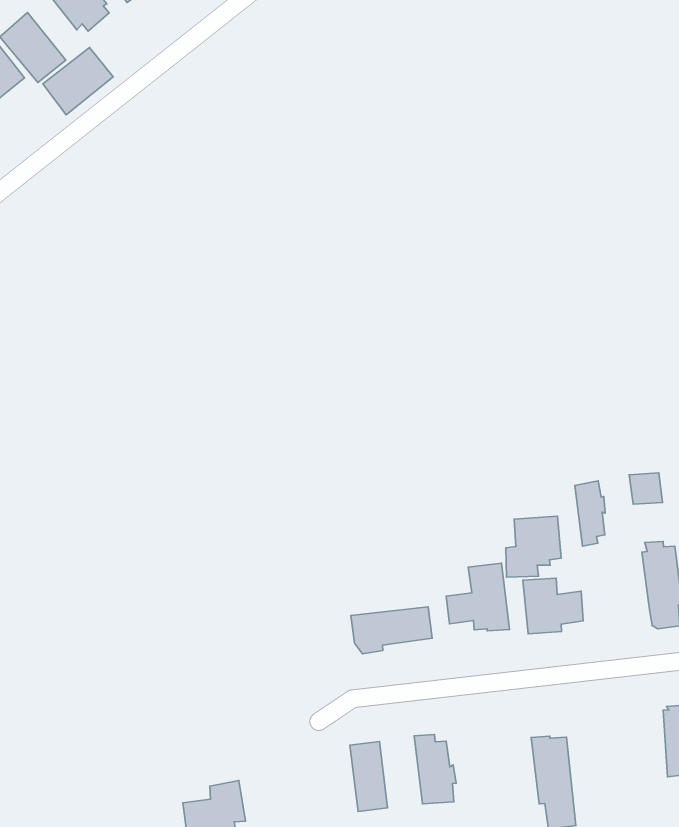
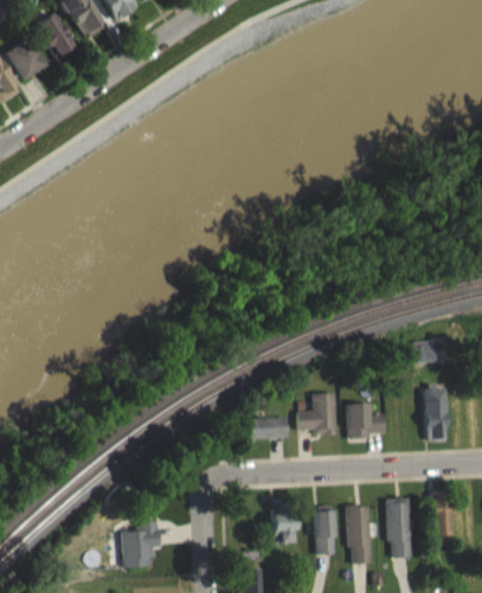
building: [43,48,113,115] -> none
building: [575,481,605,546] -> none
building: [506,516,561,577] -> none
building: none -> [386,497,411,557]
building: [350,741,387,811] -> [314,510,335,554]

